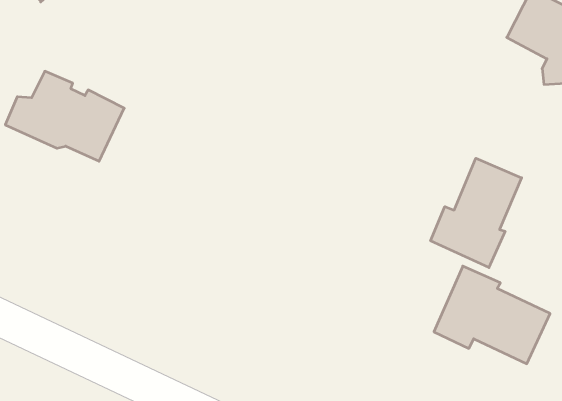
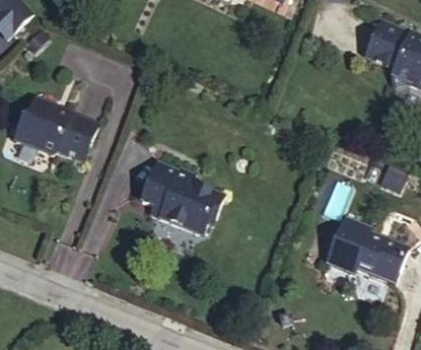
building: [431,158,522,268] -> none
building: none -> [139,161,221,235]

